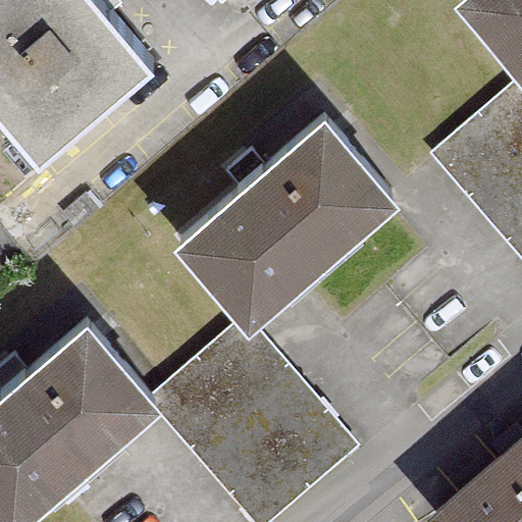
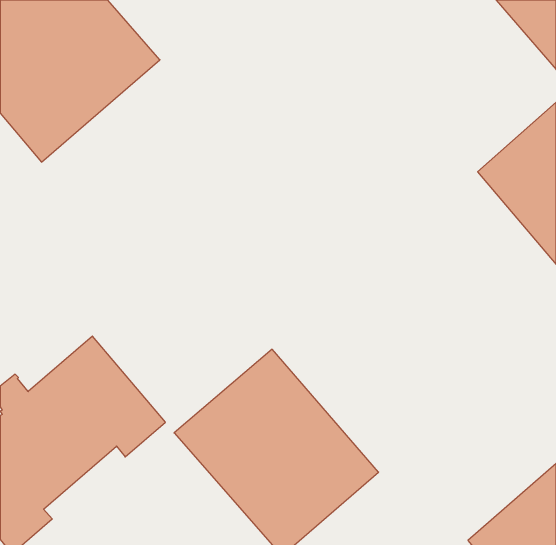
building: [180,121,393,325] -> none

